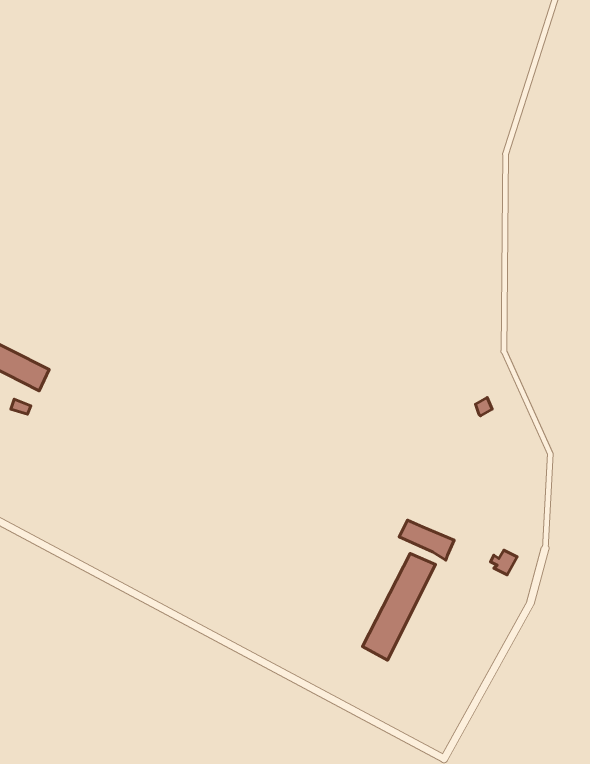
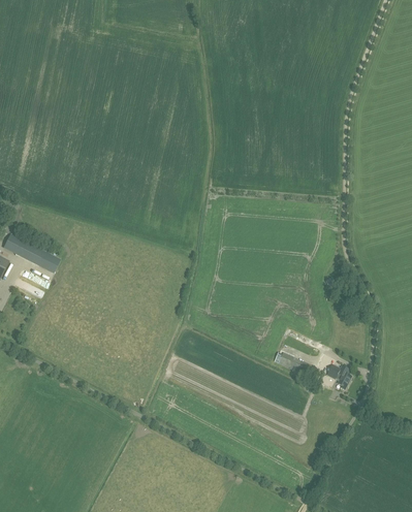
building: [362,554,435,660] -> none

